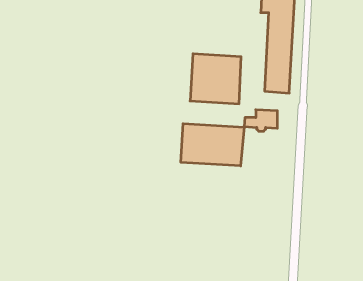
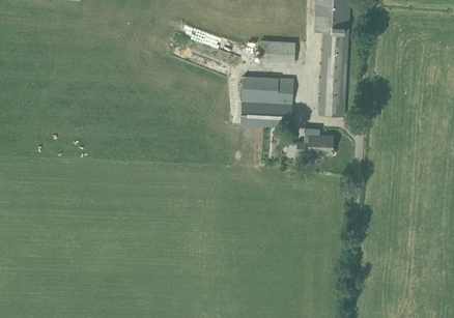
building: none -> [259,40,294,63]
building: [181,124,244,166] -> none

